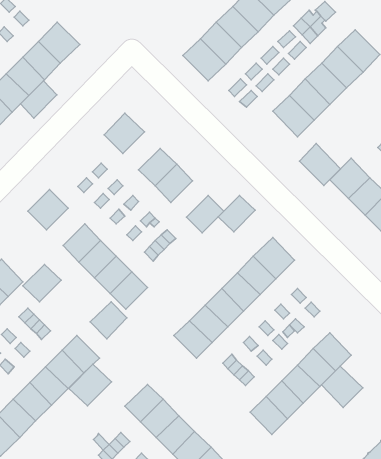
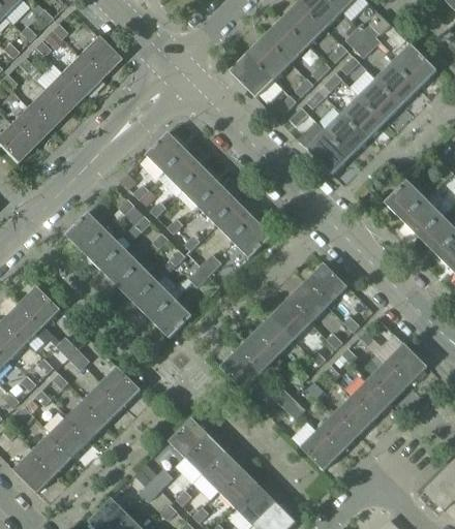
building: [20,81,57,118] -> none
building: none -> [165,151,205,191]
building: [299,143,341,186] -> [306,129,350,174]
building: [218,195,255,232] -> [216,203,255,241]
building: [23,264,61,302] -> [85,231,125,271]
building: [90,302,127,339] -> none
building: [69,364,111,406] -> none
building: [322,366,363,407] -> [384,343,427,386]

